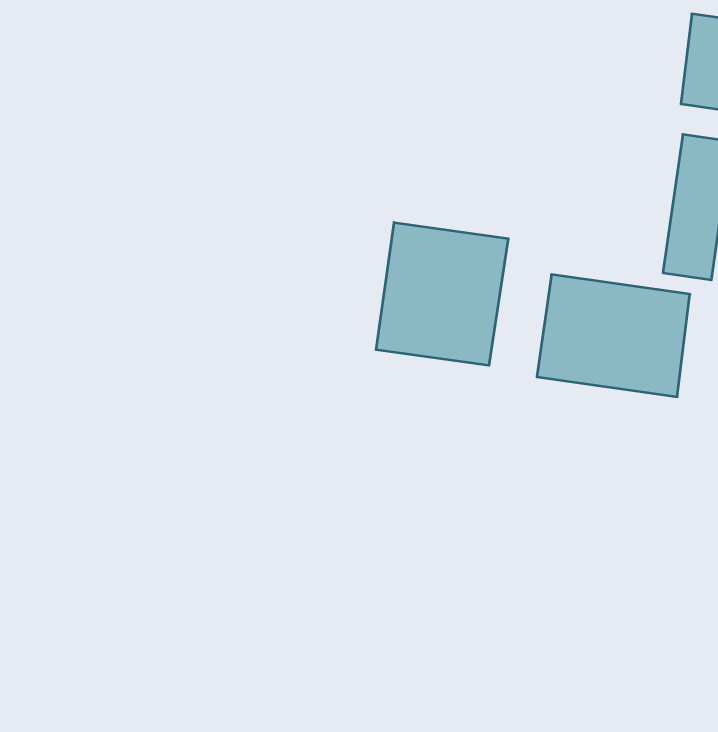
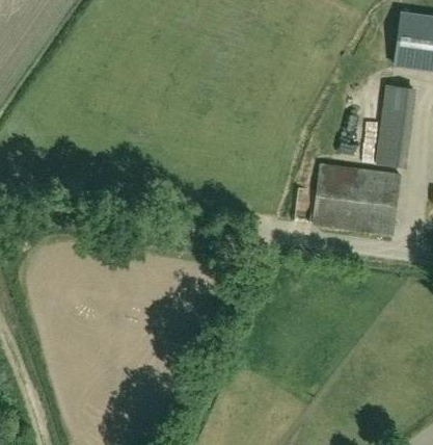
building: [376,222,508,365] -> none

